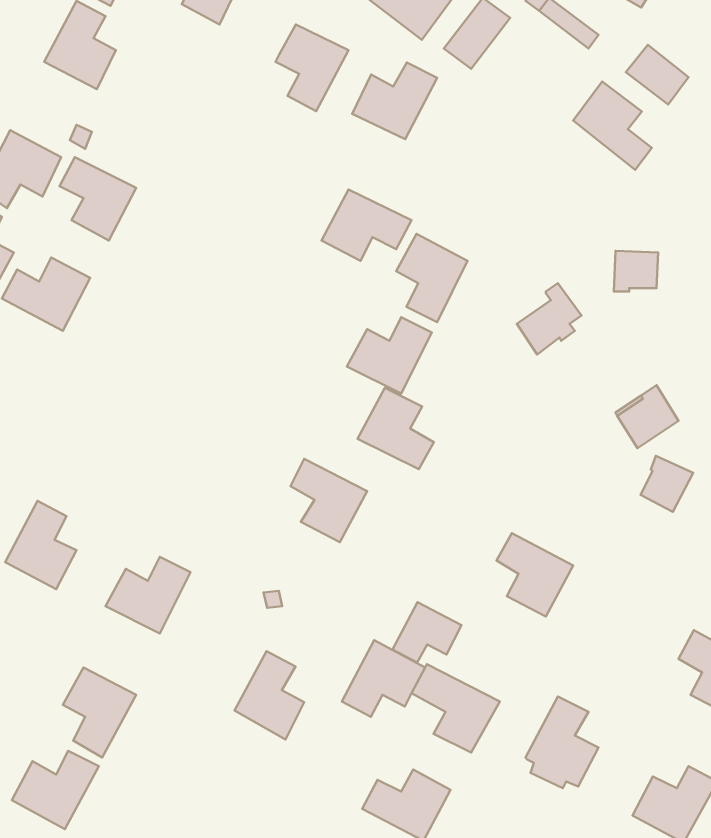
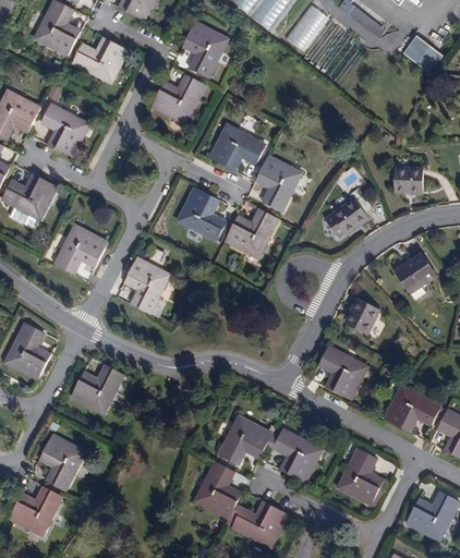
building: none -> [73,33,130,78]
building: [352,63,437,139] -> [147,73,202,122]
building: [573,81,652,170] -> none
building: none -> [50,229,106,275]
building: [357,388,434,469] -> [178,184,227,236]
building: [640,456,693,512] -> [347,296,380,332]
building: [291,459,367,542] -> [120,262,169,315]
building: none -> [383,385,440,430]
building: [392,602,461,662] -> none
building: [234,651,304,740] -> [196,461,241,518]

